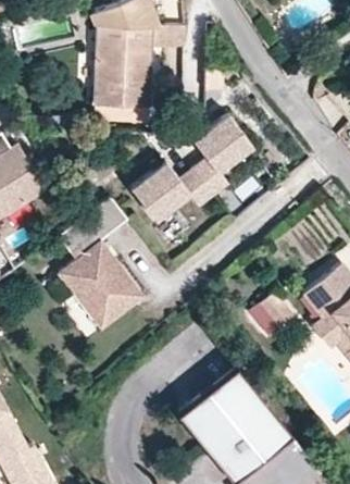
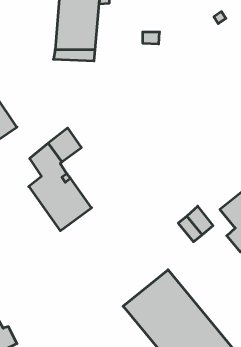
building: [136,109,252,214] -> none

